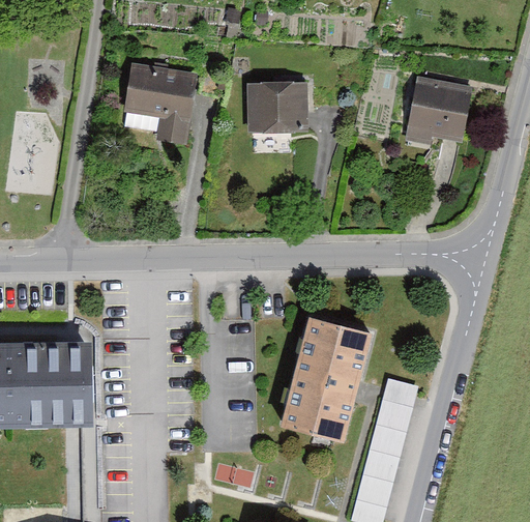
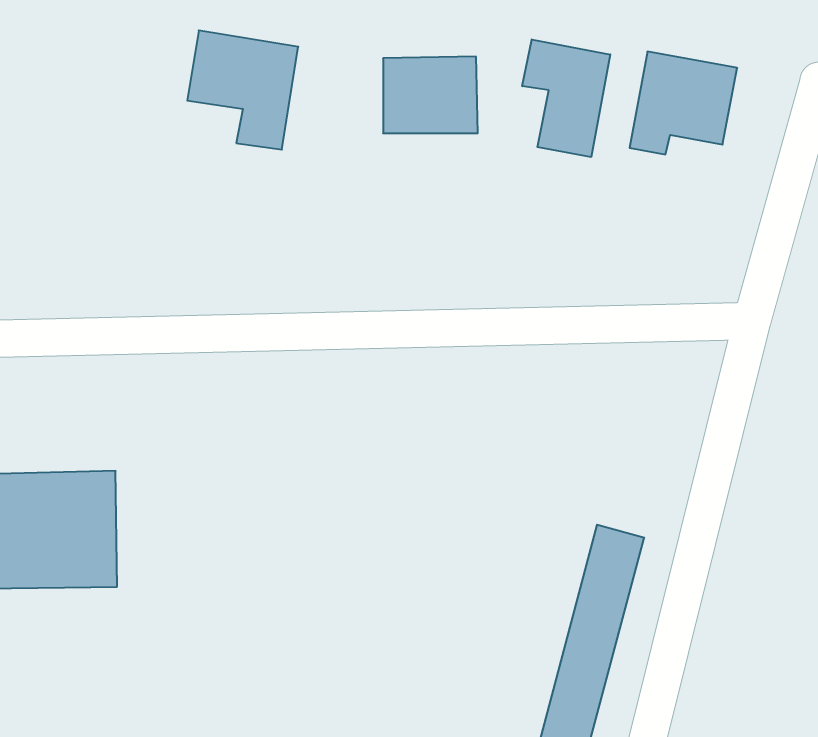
building: none -> [522,39,610,157]
building: [281,320,366,442] -> none

